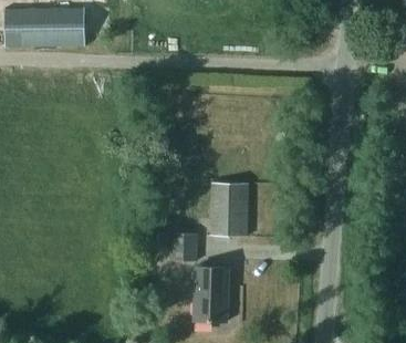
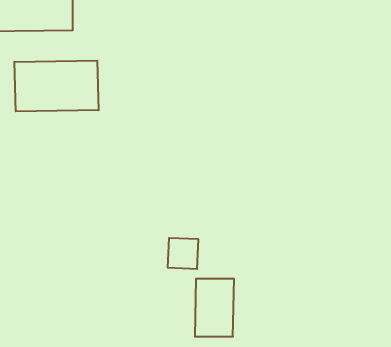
building: none -> [14,61,99,111]
building: [210,181,249,235] -> none

